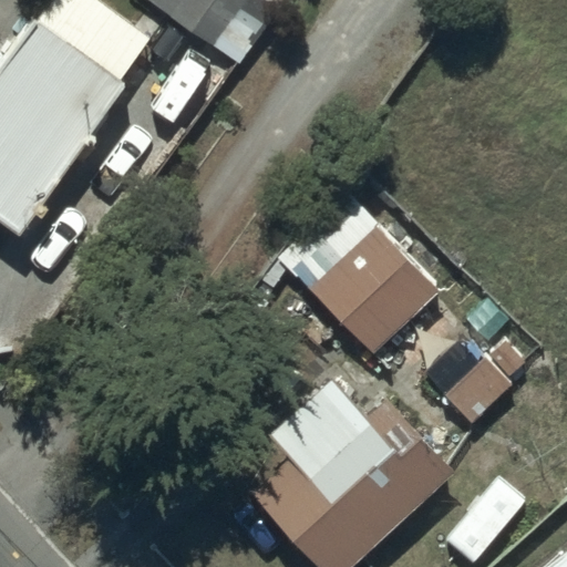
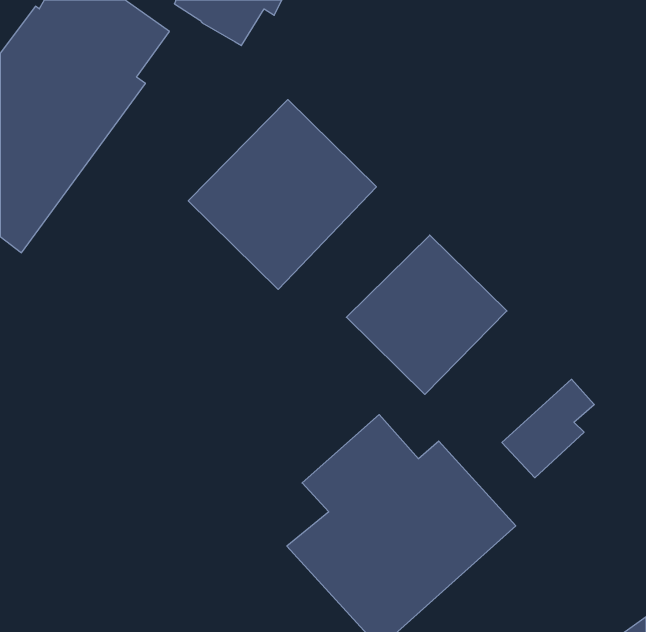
building: none -> [188,100,376,289]

